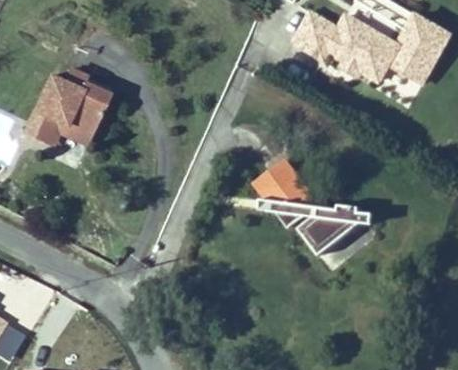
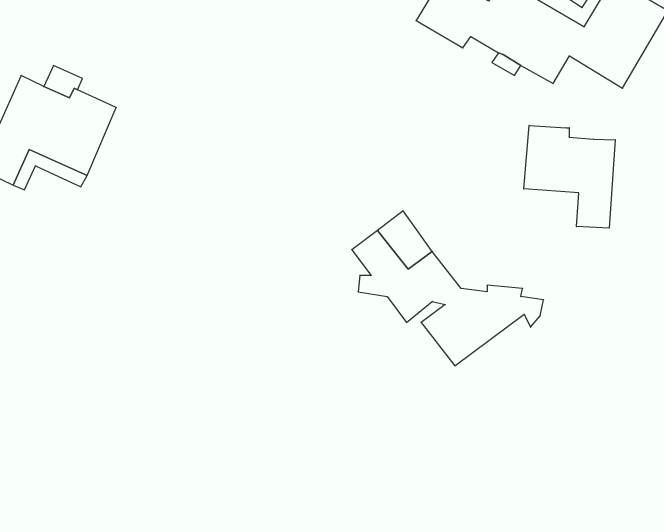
building: none -> [524,125,615,228]

